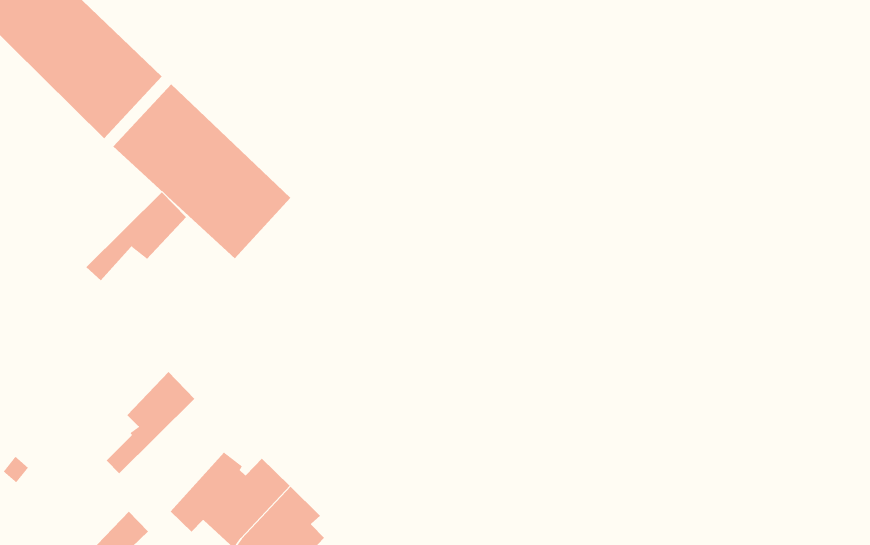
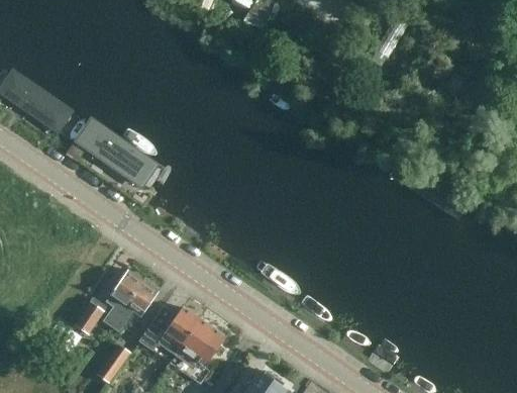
building: [86,192,187,281] -> [110,280,159,331]
building: none -> [74,300,104,333]

